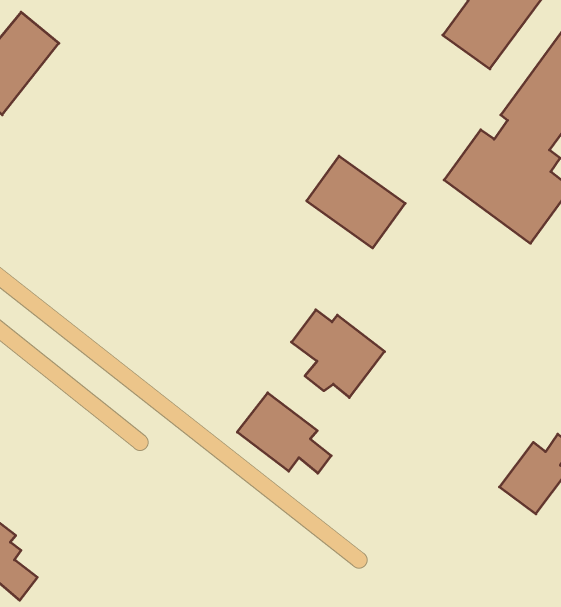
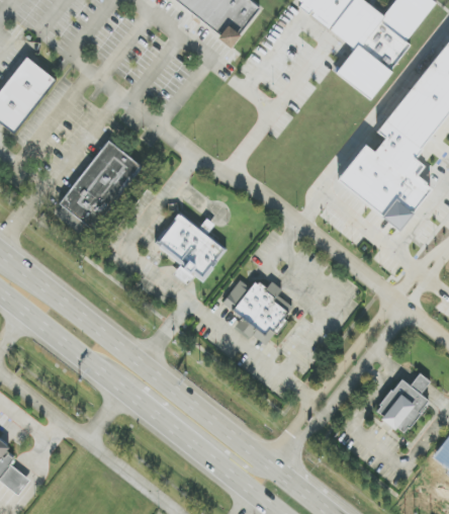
building: none -> [55,140,137,229]
building: [307,156,405,248] -> [154,211,228,280]
building: [237,393,331,473] -> none

